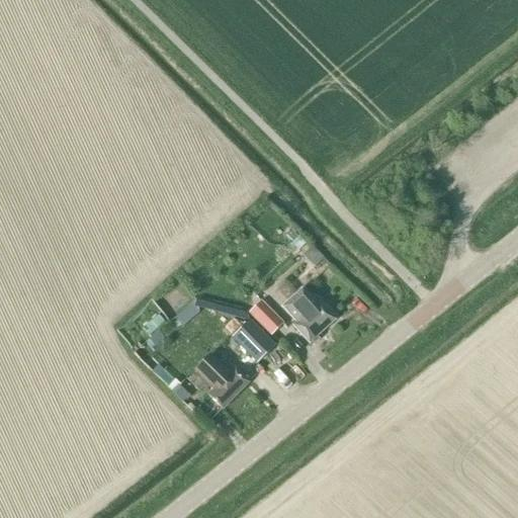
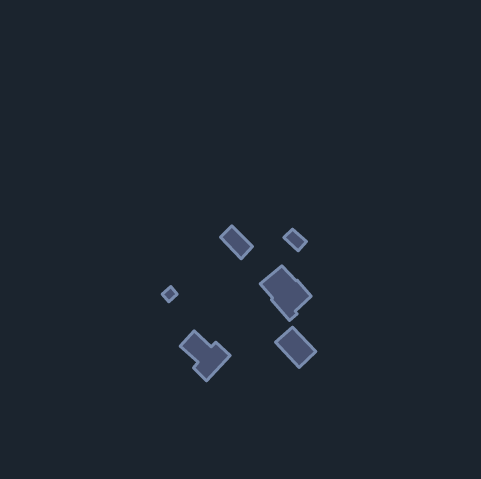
building: [249,298,283,334] -> [221,226,253,259]
building: [232,318,275,361] -> [275,327,316,368]

